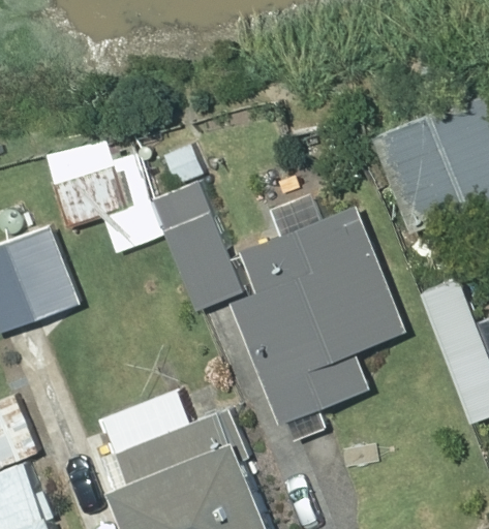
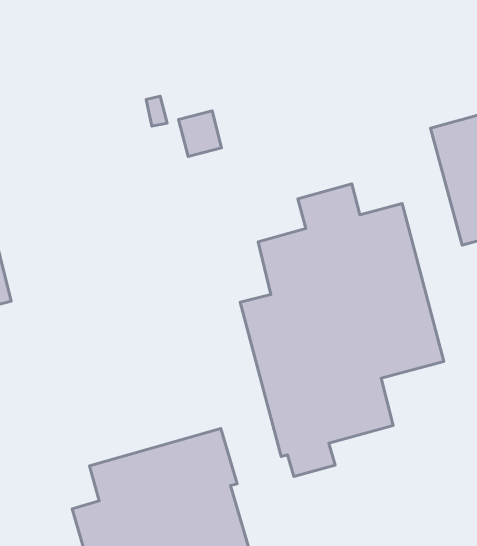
building: [43,138,242,311] -> none

